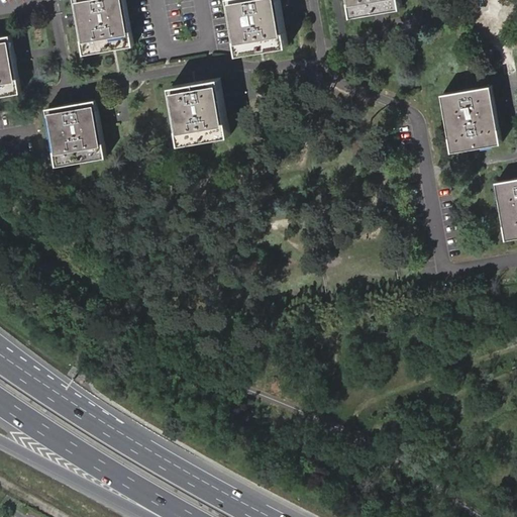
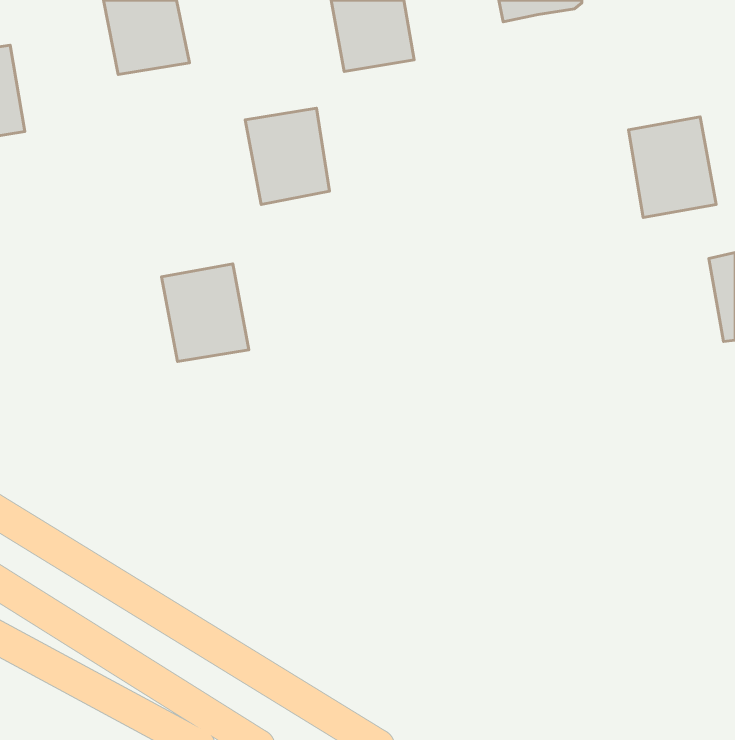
building: [43,100,104,168] -> [161,264,249,362]

